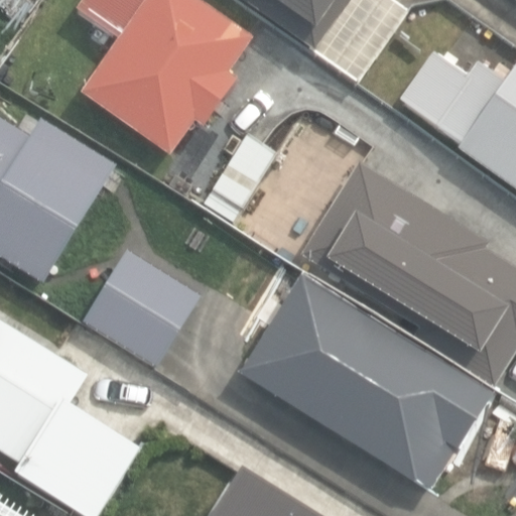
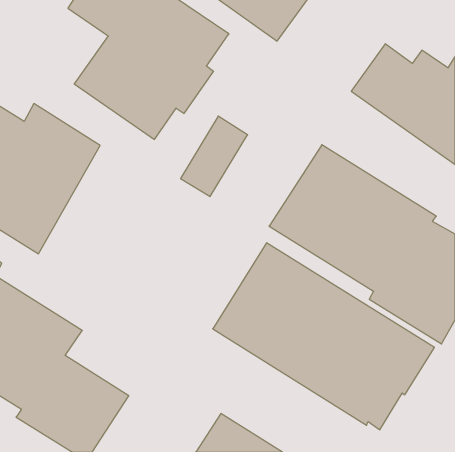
building: [79,250,198,367] -> none

